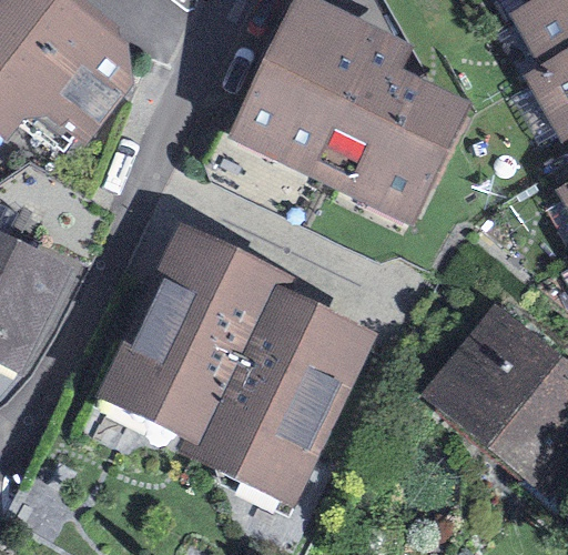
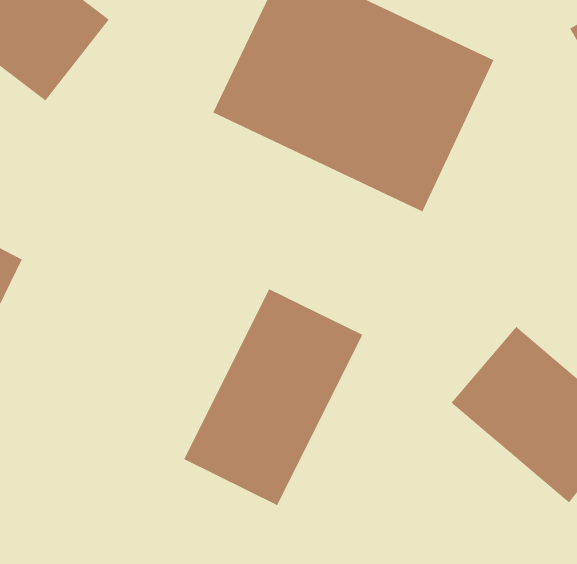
building: [111,230,283,443] -> none

